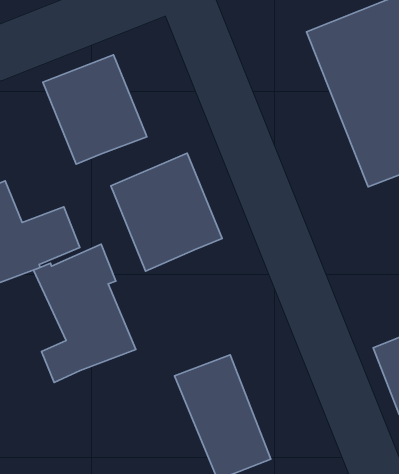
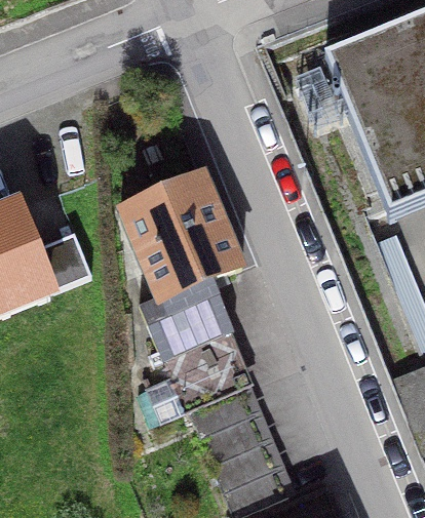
building: [43,55,147,164] -> none
building: [33,244,136,382] -> [140,272,245,414]

